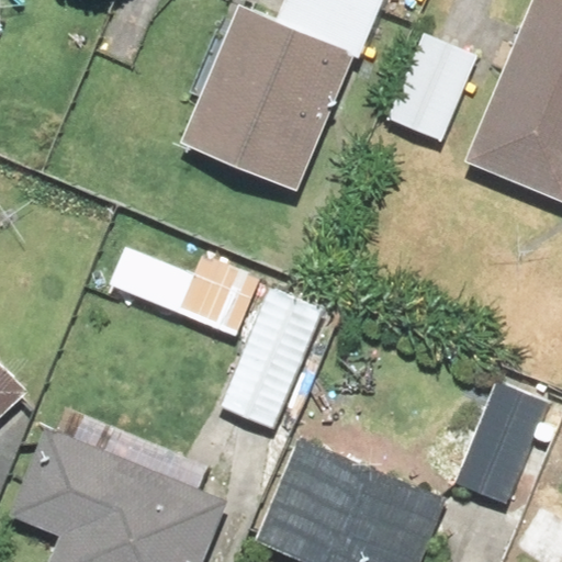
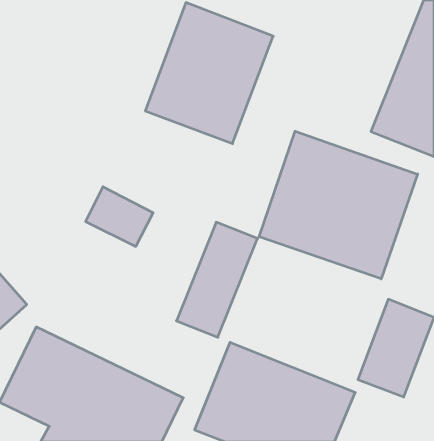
building: [389,30,487,146] -> none
building: none -> [259,131,418,279]

